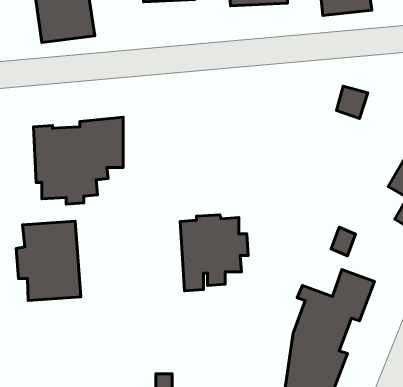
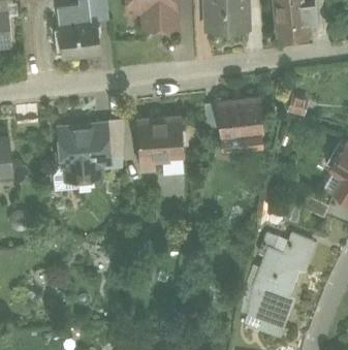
building: none -> [214,95,263,150]
building: [180,215,248,291] -> [135,113,187,170]
building: [16,221,81,301] -> none

